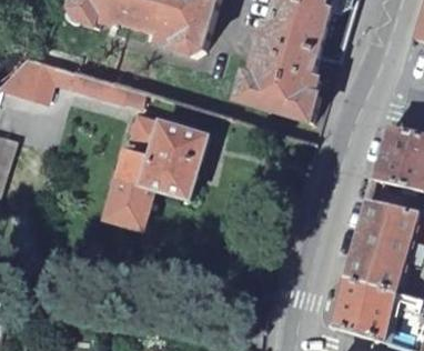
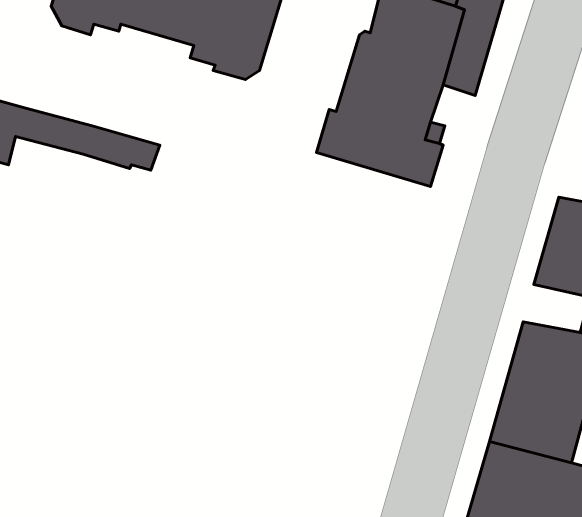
building: [104,120,204,230] -> none

